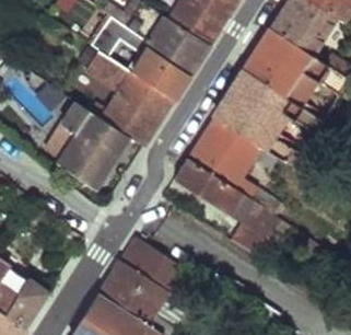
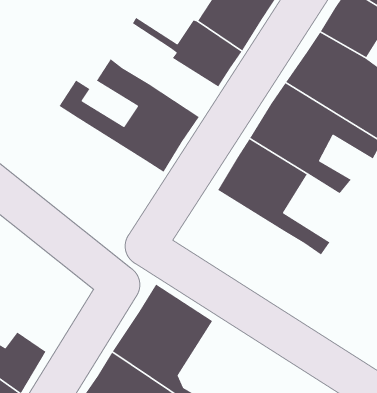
building: [90,16,188,99] -> none
building: [58,100,128,187] -> none
building: [175,159,242,212] -> none
building: [233,203,283,258] -> none

